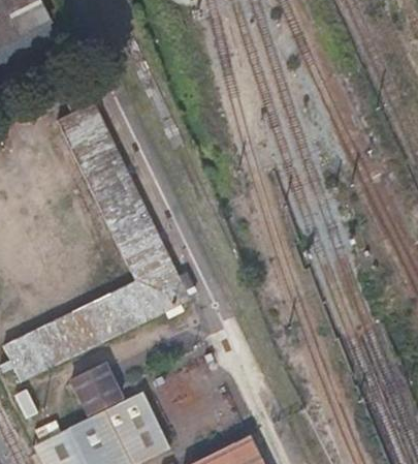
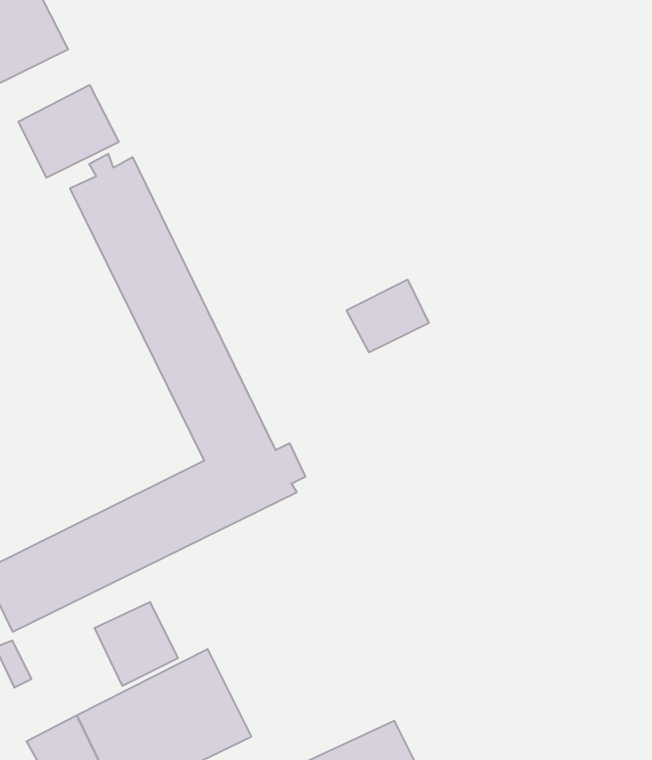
building: none -> [19,85,119,178]
building: none -> [347,280,429,352]

